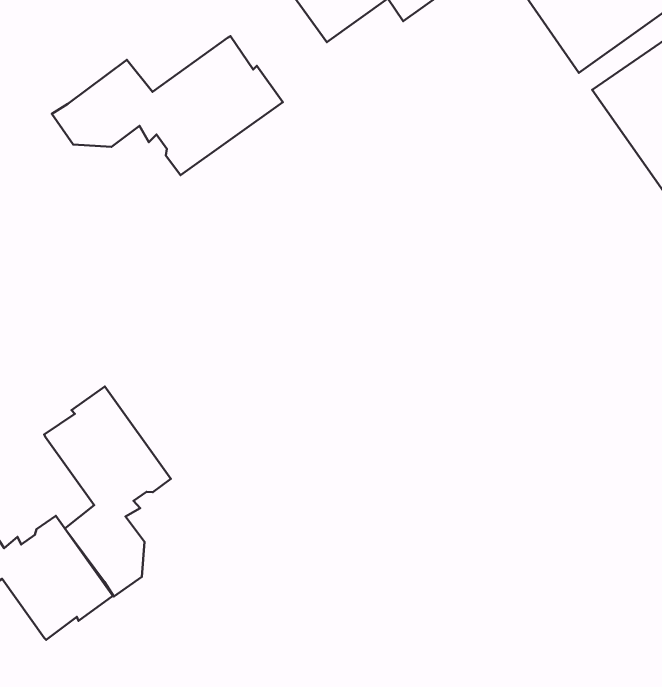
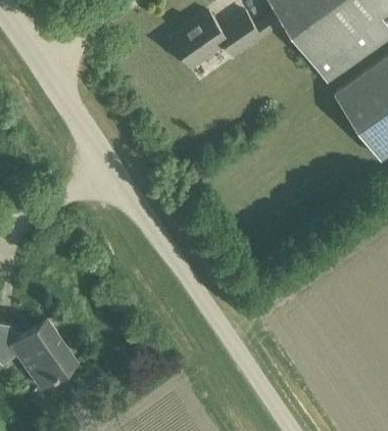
building: [52,36,283,175] -> none
building: [44,387,171,597] -> none

